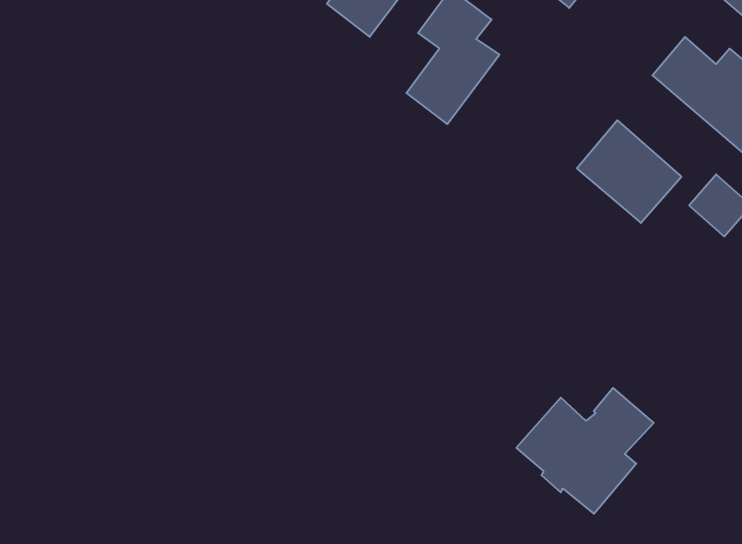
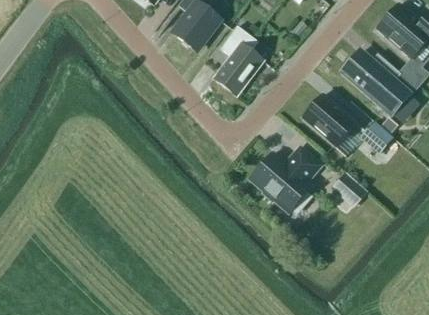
building: none -> [333,172,366,204]
building: [516,388,654,514] -> [249,147,320,212]

